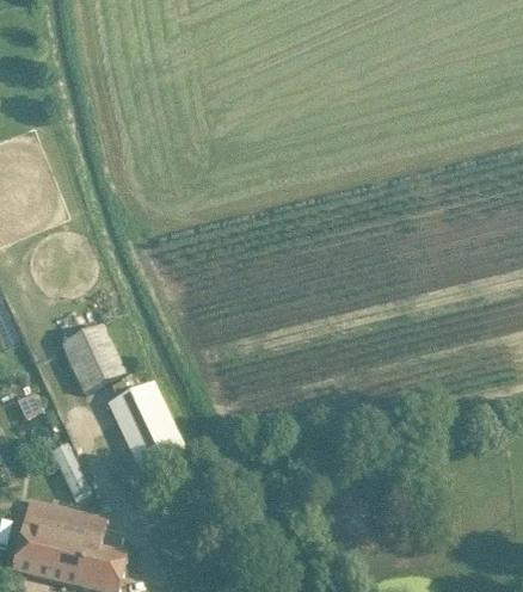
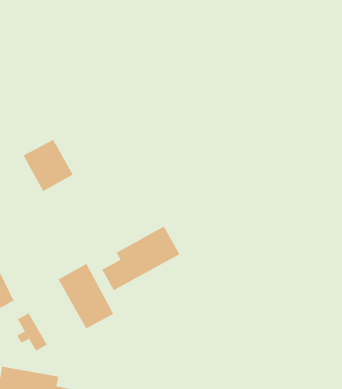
building: [57,319,124,389] -> [23,139,74,192]
building: none -> [101,225,181,291]

